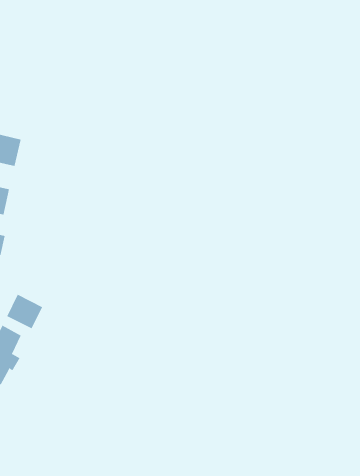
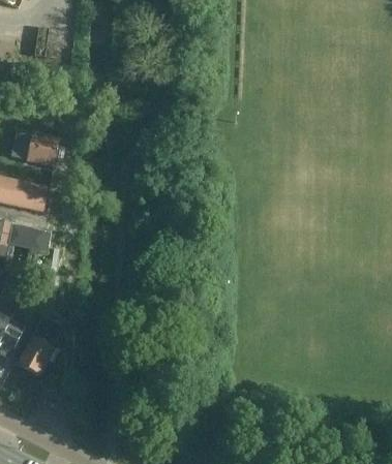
building: [6,294,43,329] -> none

